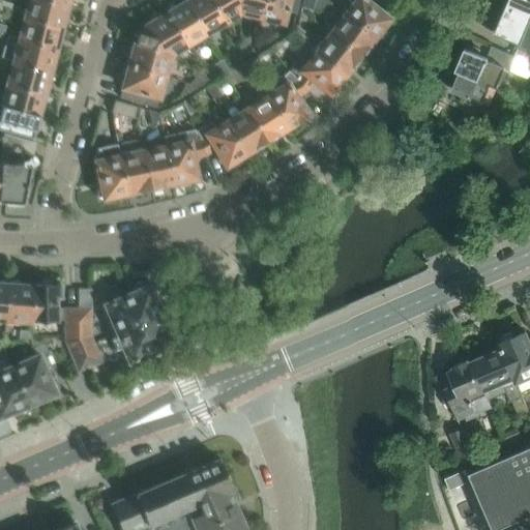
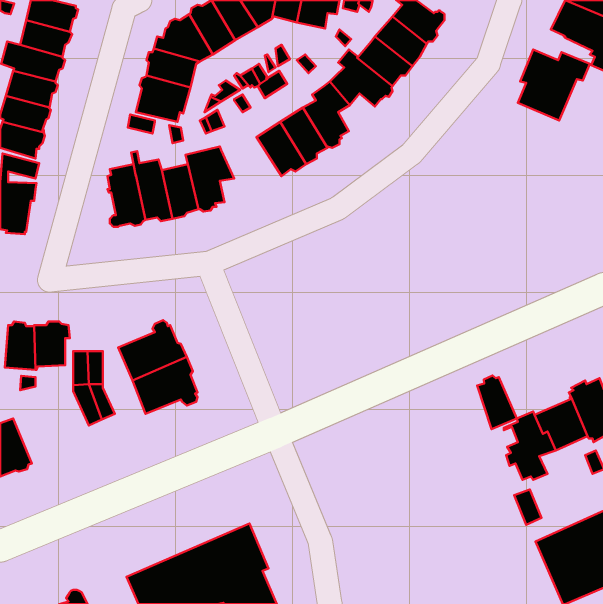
building: [195,120,247,165] -> none
building: none -> [477,375,517,429]
building: [12,354,60,406] -> none

